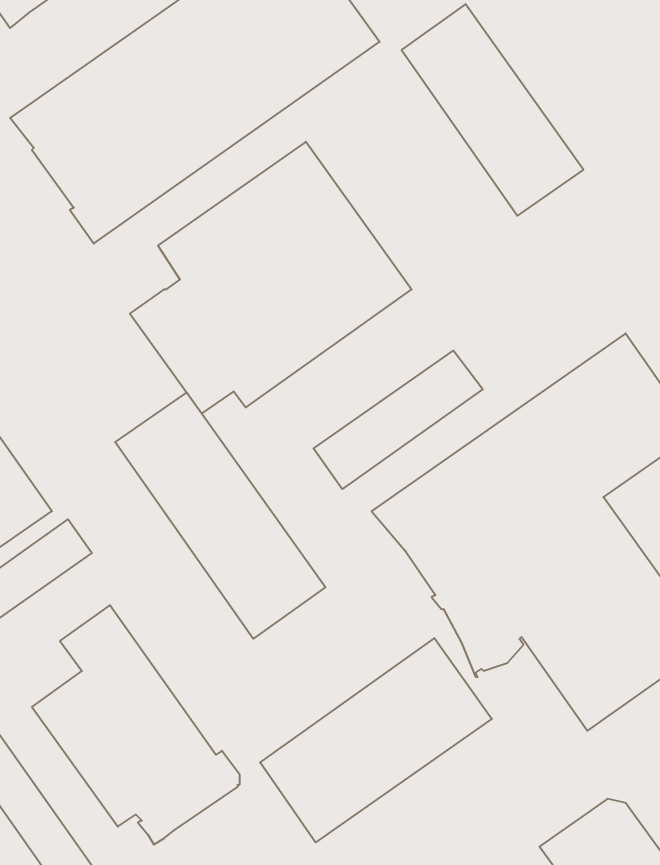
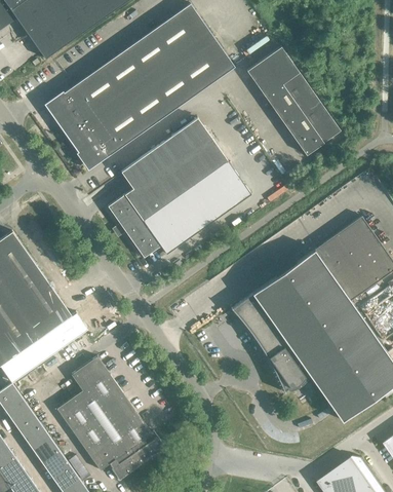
building: [313,351,483,489] -> none
building: [115,392,325,639] -> none
building: [260,638,492,842] -> none

